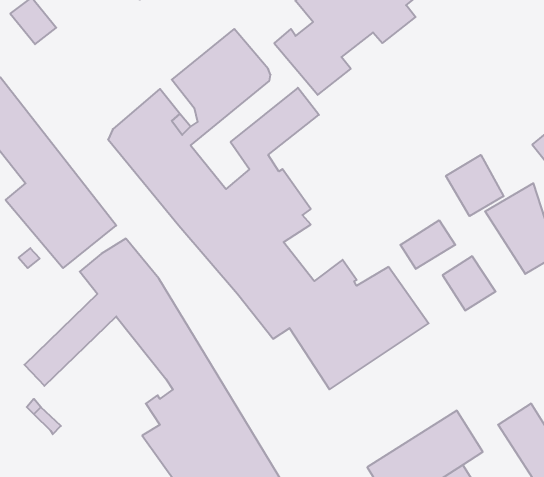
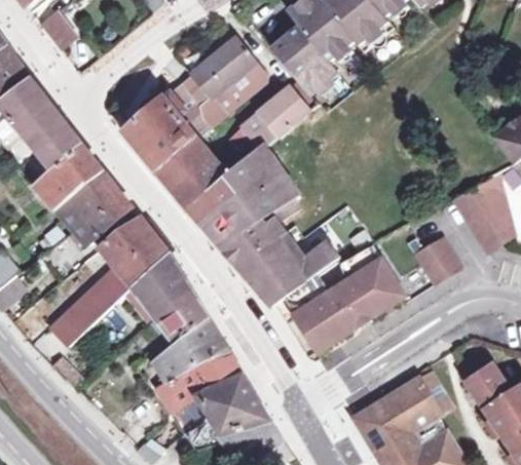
building: [446,155,504,216] -> none
building: [400,220,455,269] -> none

